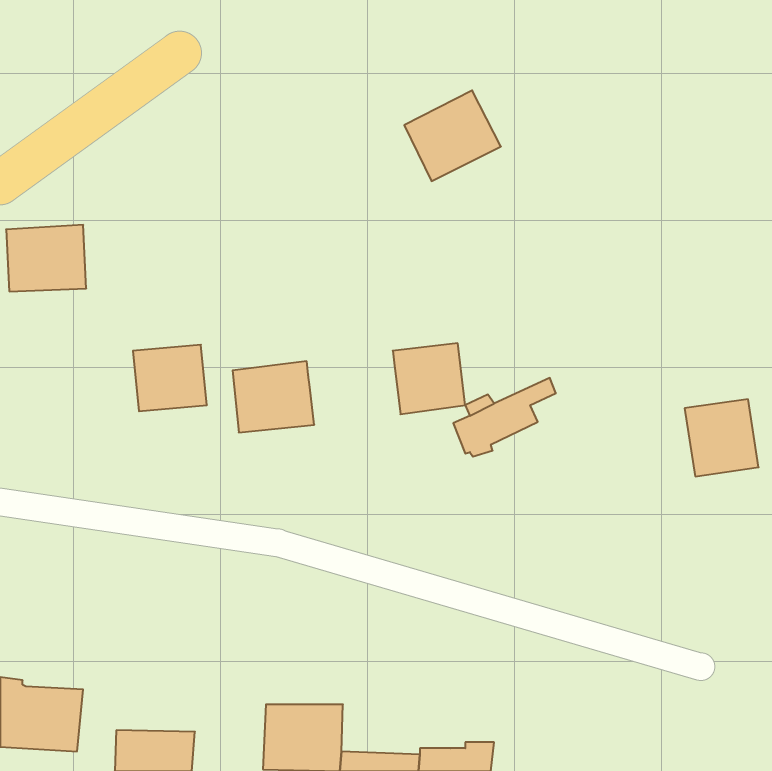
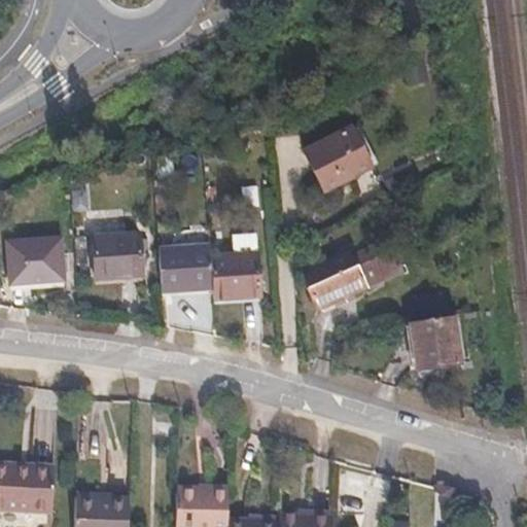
building: [404,90,501,181] -> [303,129,368,190]
building: [6,225,86,291] -> [5,242,60,287]
building: [393,343,465,414] -> [210,250,259,298]
building: [685,399,759,476] -> [411,314,461,366]

